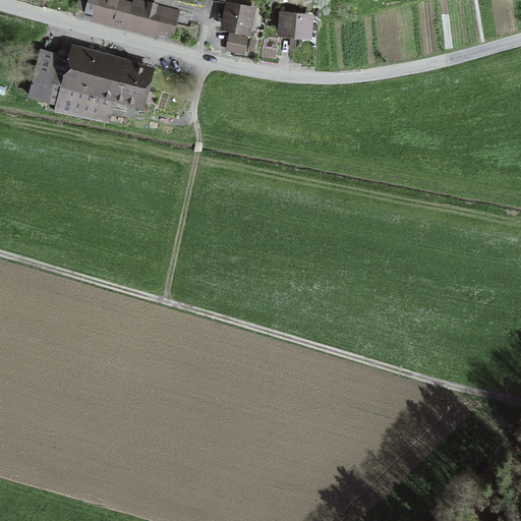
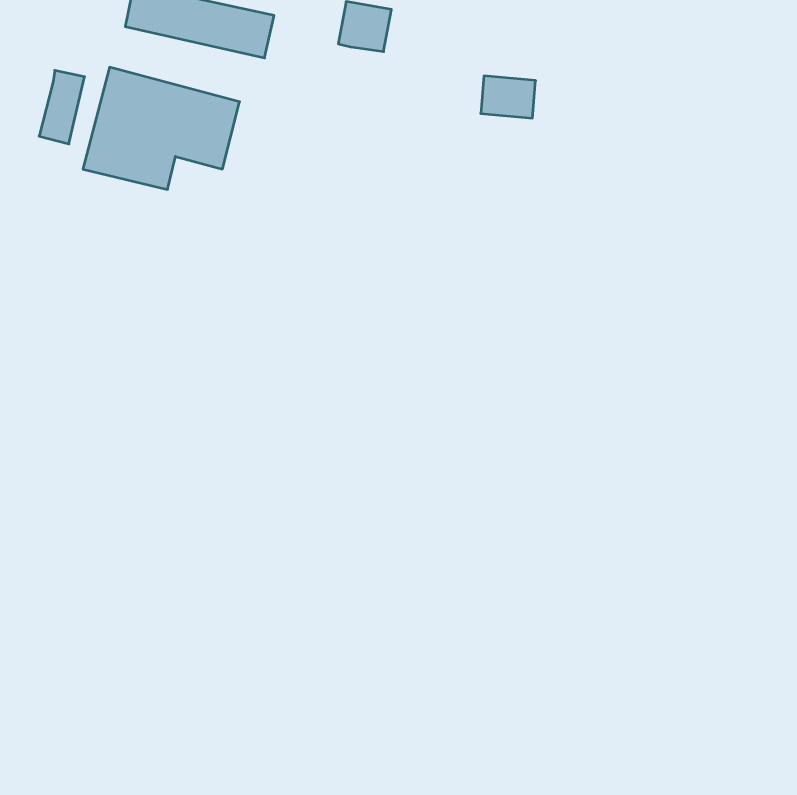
building: [277,11,312,39] -> [481,76,536,118]
building: [225,31,249,53] -> none

